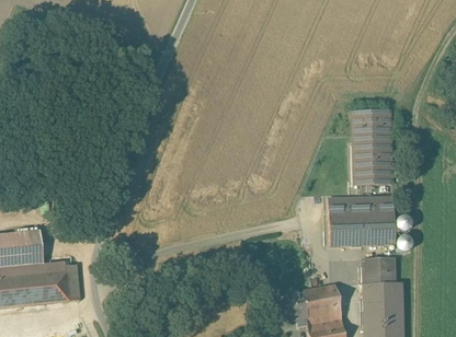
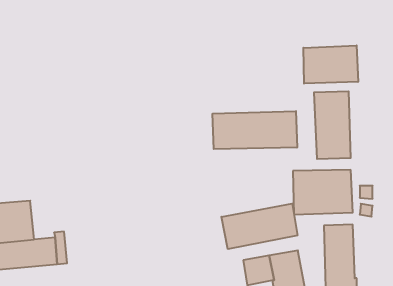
building: none -> [303,45,358,84]
building: none -> [213,111,297,149]
building: none -> [221,204,297,249]

